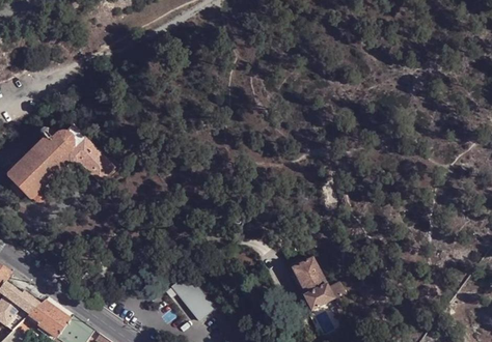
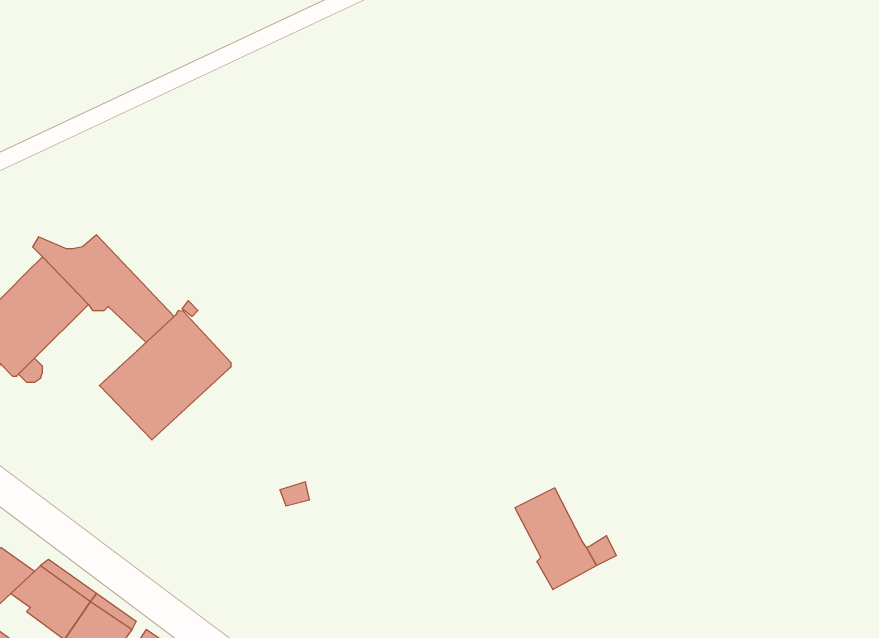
building: none -> [99,310,231,440]
building: [171,275,214,321] -> none

